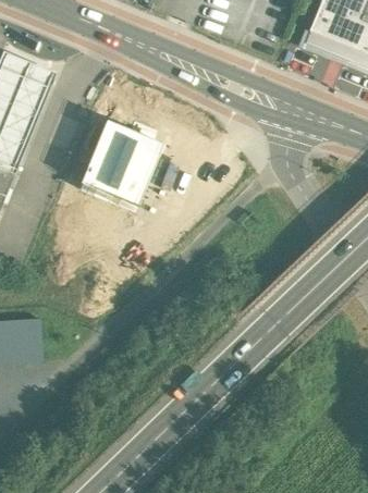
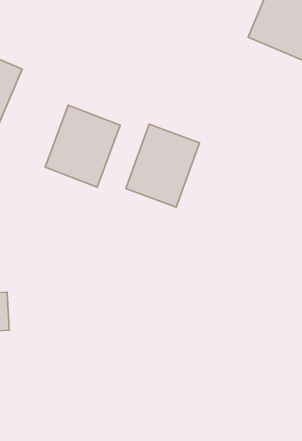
building: none -> [126,124,199,207]

